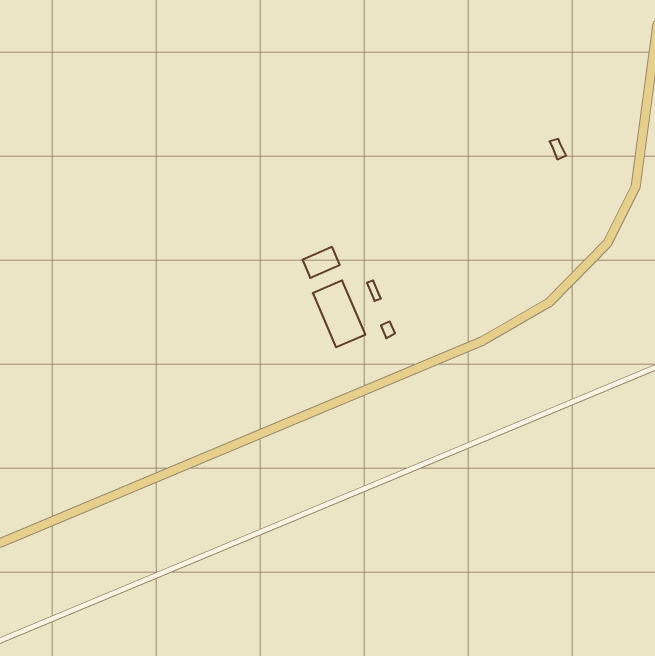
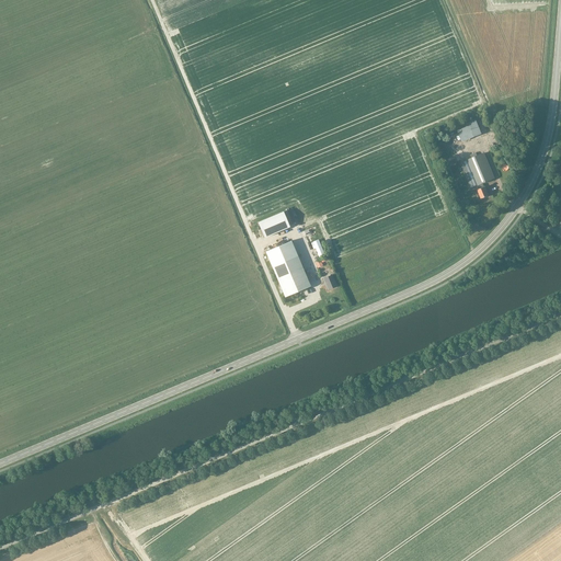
building: none -> [463,151,497,197]

